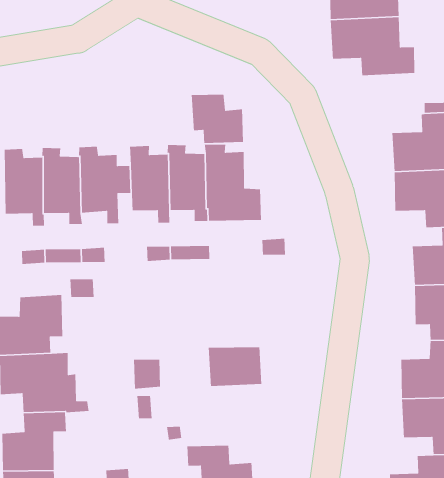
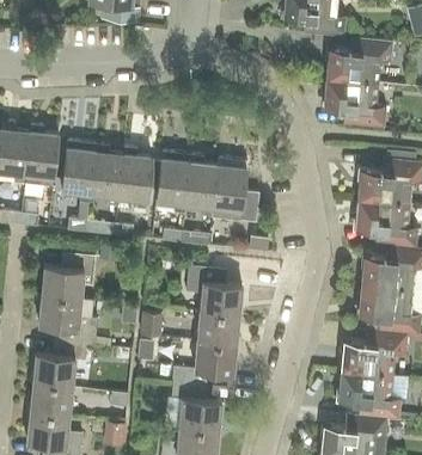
building: [191,94,244,144] -> none
building: none -> [186,265,241,315]
building: none -> [173,340,237,386]

